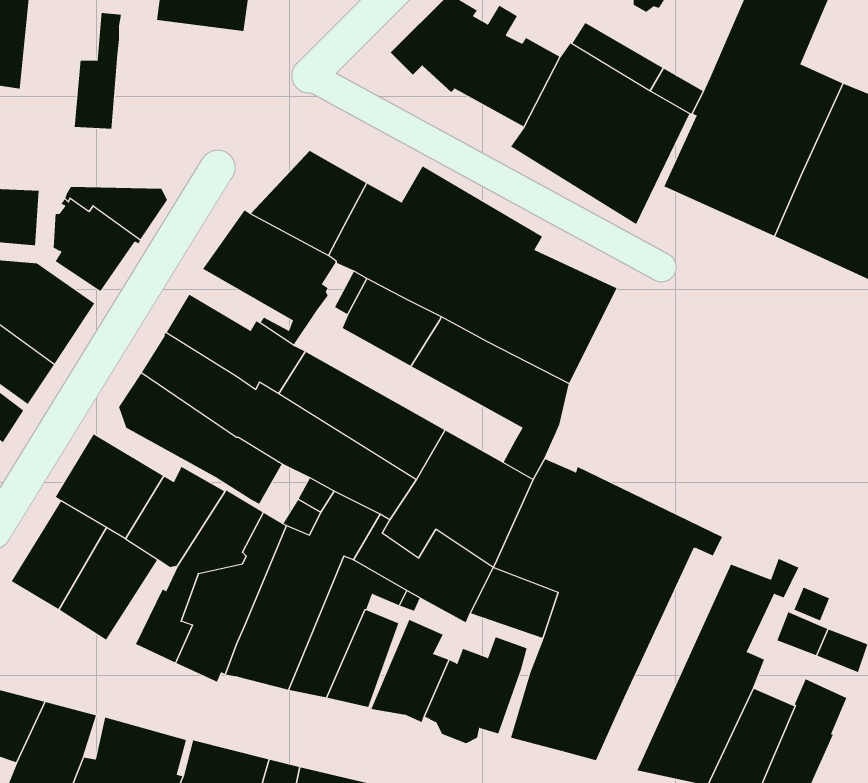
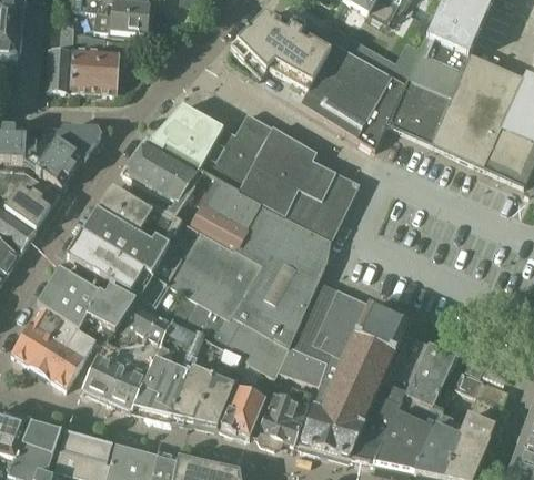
building: none -> [69,31,129,93]
building: none -> [191,205,306,284]
building: none -> [350,334,427,462]

